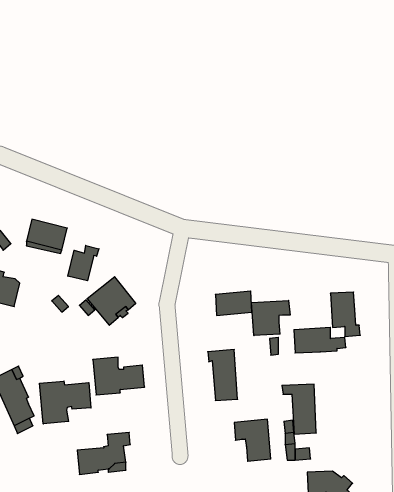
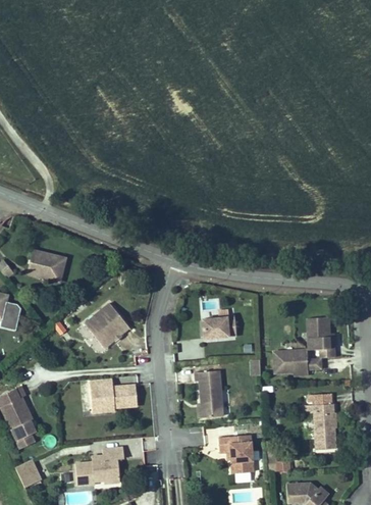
building: [68,245,99,281] -> none
building: [251,300,290,336] -> none
building: [40,381,91,424] -> none
building: [282,384,316,434] -> [304,404,335,450]
building: none -> [14,459,41,488]

